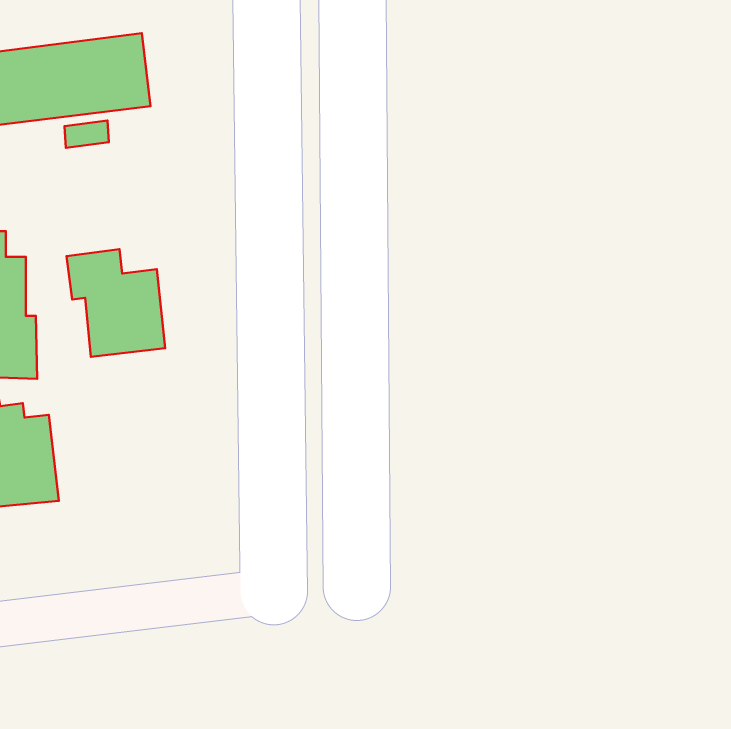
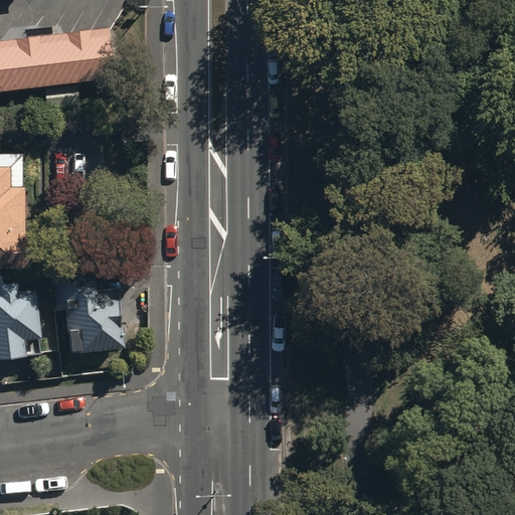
building: [66,249,165,357] -> [55,278,125,353]

